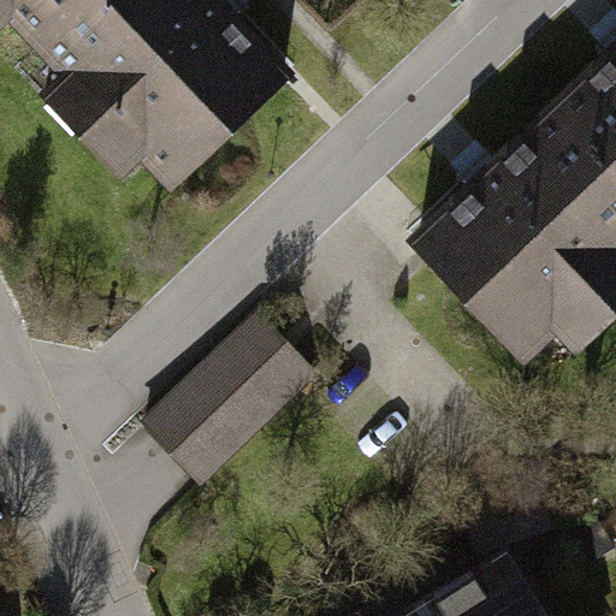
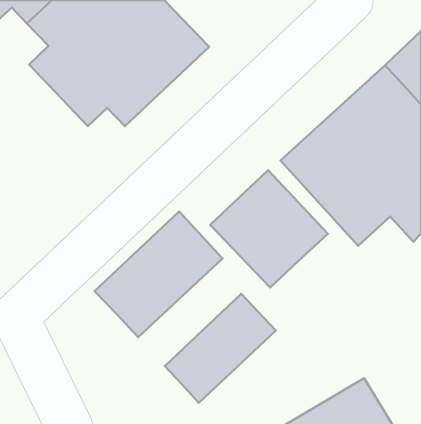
building: none -> [210,170,328,288]
building: none -> [165,294,276,403]

